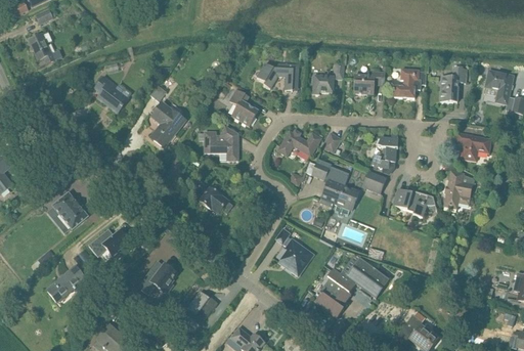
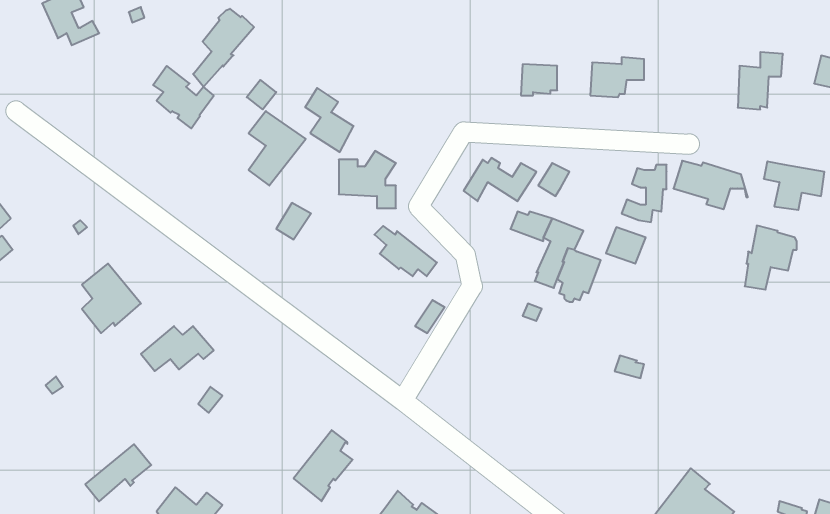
building: none -> [193,9,254,87]
building: [257,62,294,90] -> none
building: [394,69,427,98] -> none
building: [229,88,258,126] -> [305,88,354,152]
building: [196,183,233,213] -> [374,226,437,276]
building: [393,188,437,217] -> [673,161,748,209]
building: [276,228,314,275] -> none
building: [315,258,389,317] -> none
building: [138,263,176,294] -> none
building: [47,266,86,300] -> [85,444,151,501]

